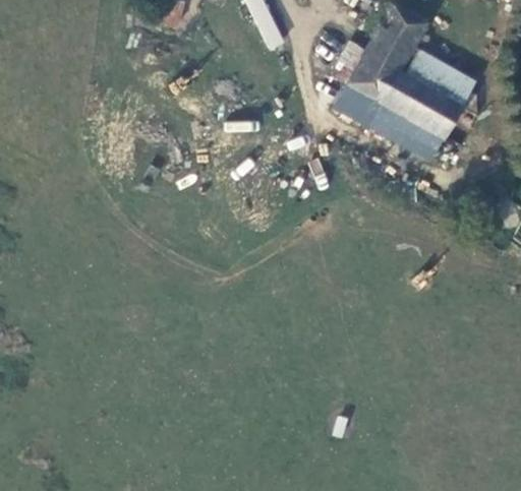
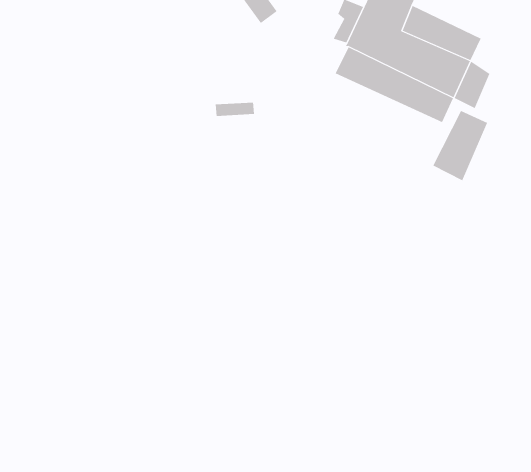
building: none -> [433,110,488,181]

